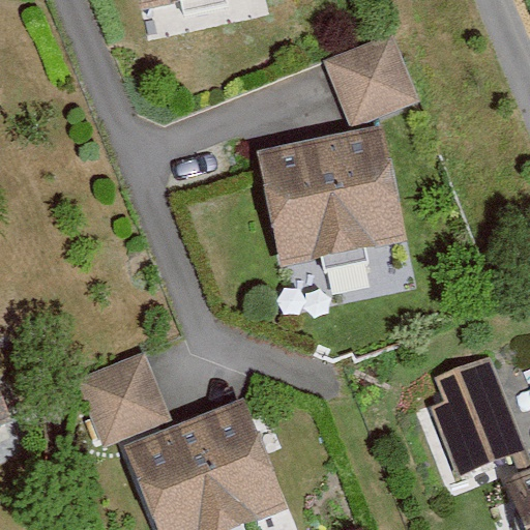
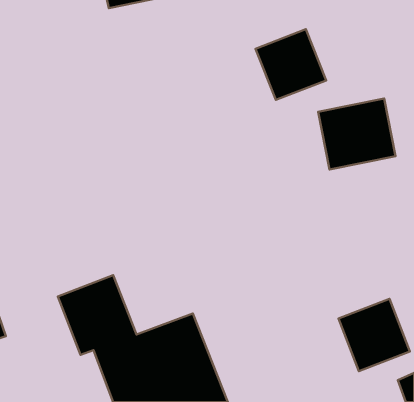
building: none -> [318,99,396,169]
building: [255,130,404,271] -> none

